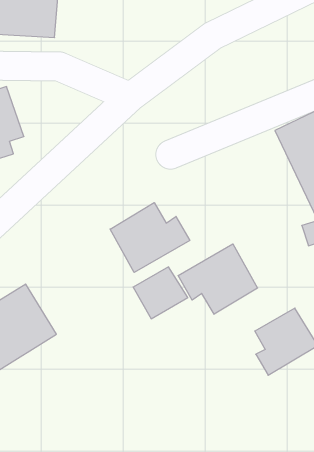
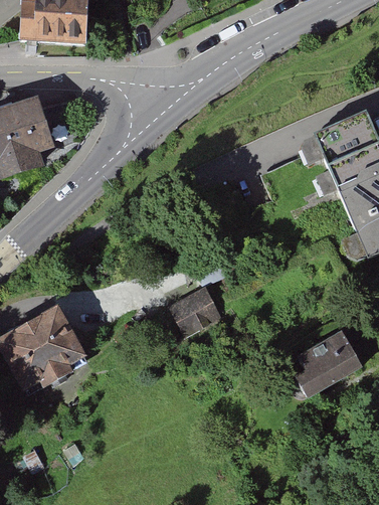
building: [110,203,190,272] -> none
building: [178,244,258,314] -> none

